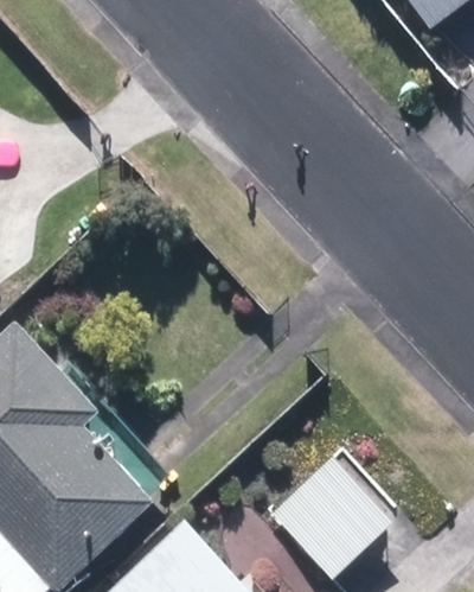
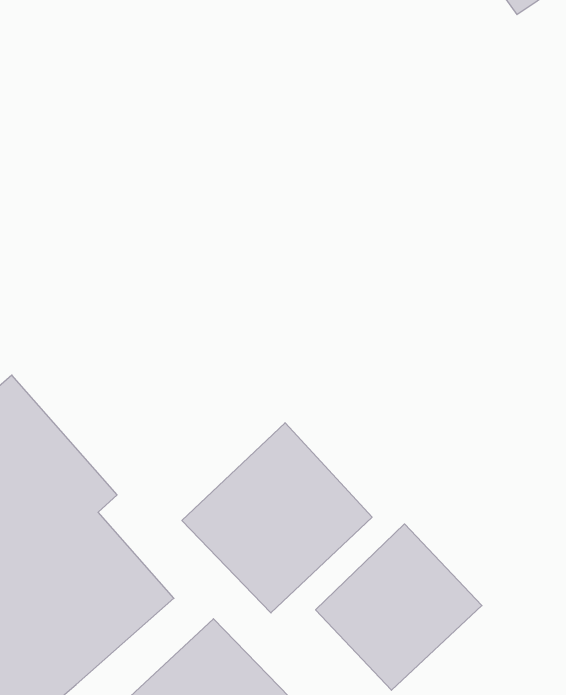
building: none -> [182,423,372,613]

